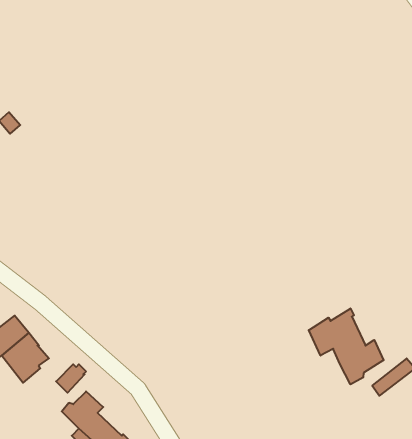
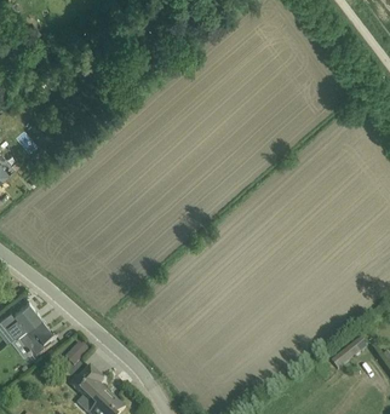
building: [309,308,384,384] -> none

